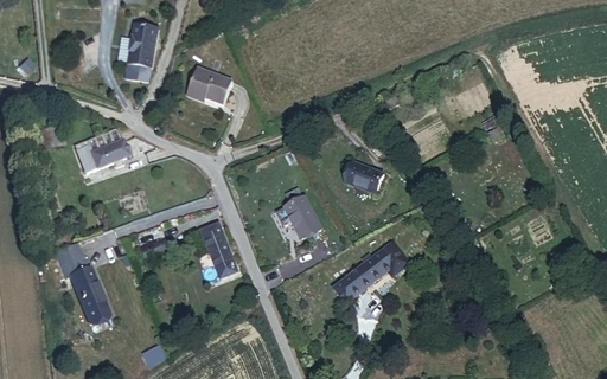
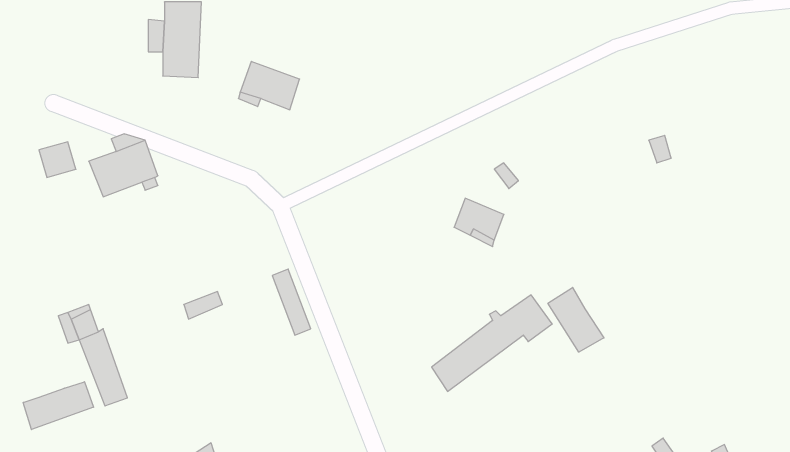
building: [285,192,319,235] -> none
building: none -> [548,287,604,352]
building: none -> [23,382,94,430]

